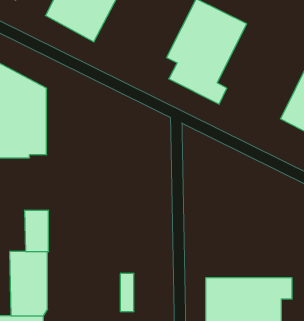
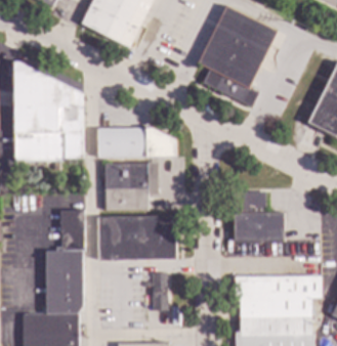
building: none -> [96,128,175,156]
building: none -> [106,163,159,210]
building: none -> [230,191,283,241]
building: none -> [97,215,175,259]

